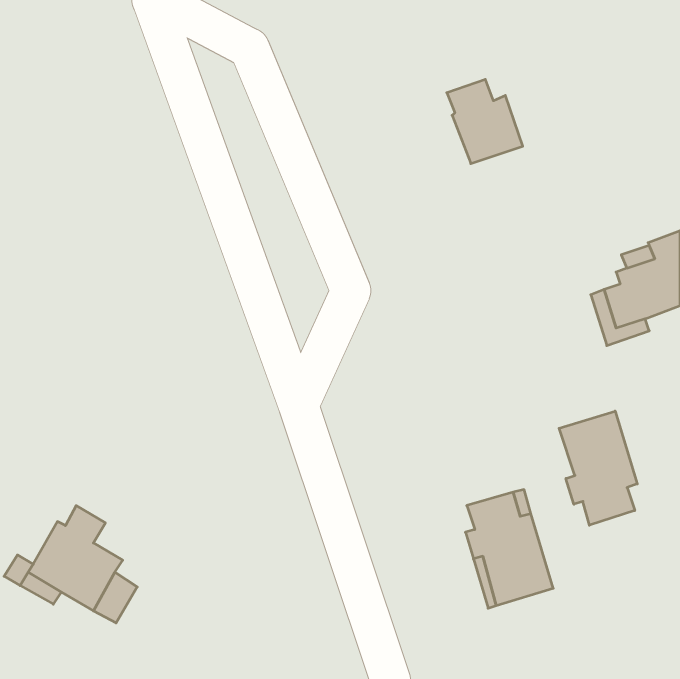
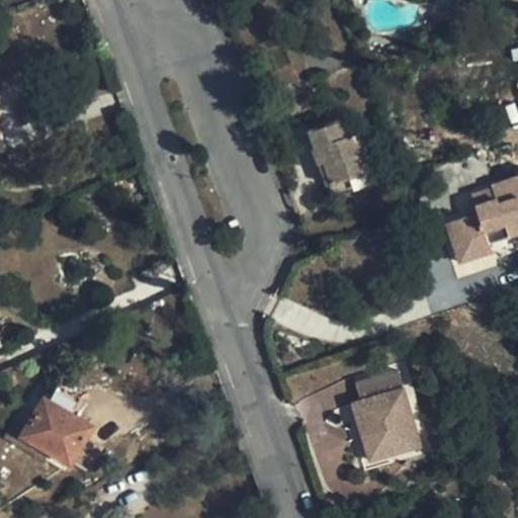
building: [447,79,523,164] -> [310,121,367,185]
building: [559,411,637,525] -> none

